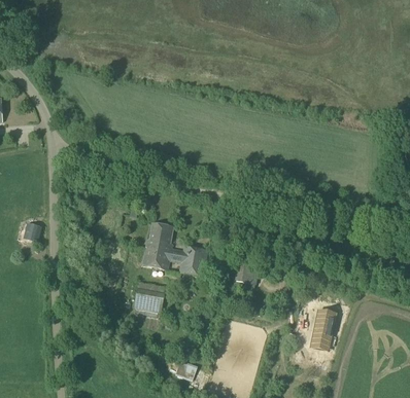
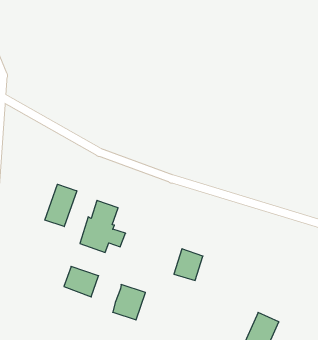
building: none -> [45,184,77,227]
building: [180,246,208,277] -> [113,285,145,320]

